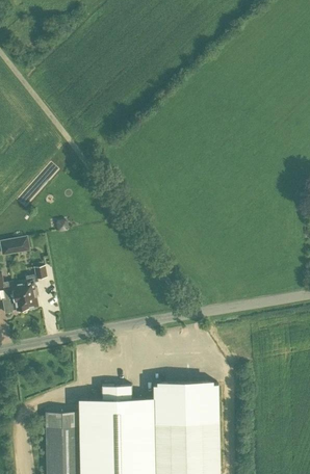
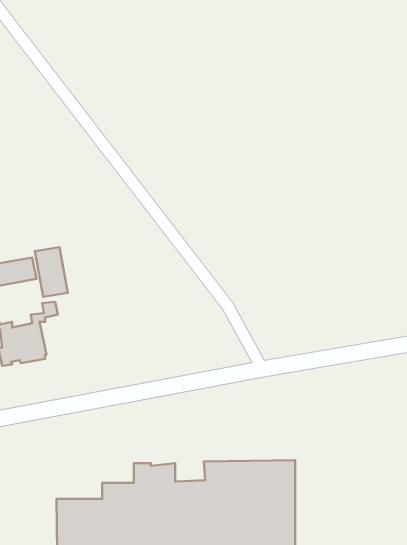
building: none -> [35,247,68,297]

